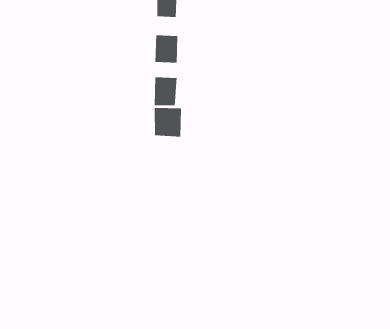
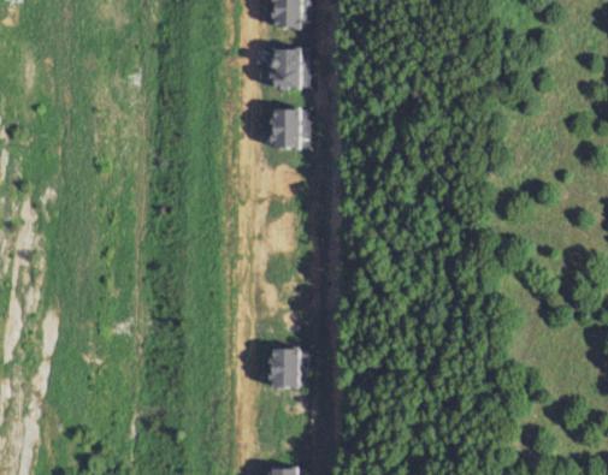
building: [154,107,182,137] -> none
building: none -> [268,349,297,388]

